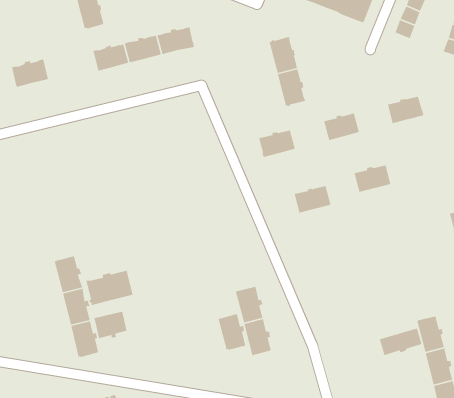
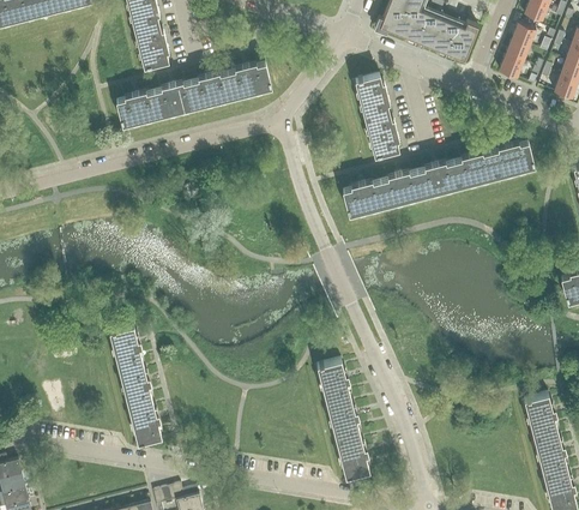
building: [11,58,49,88] -> [116,92,159,126]
building: [354,164,391,193] -> [453,154,496,186]
building: [294,185,331,214] -> [380,173,423,205]
building: [86,270,134,306] -> none
building: [93,311,128,339] -> none
building: [218,313,247,351] -> [336,436,369,479]
building: [379,327,423,356] -> none

